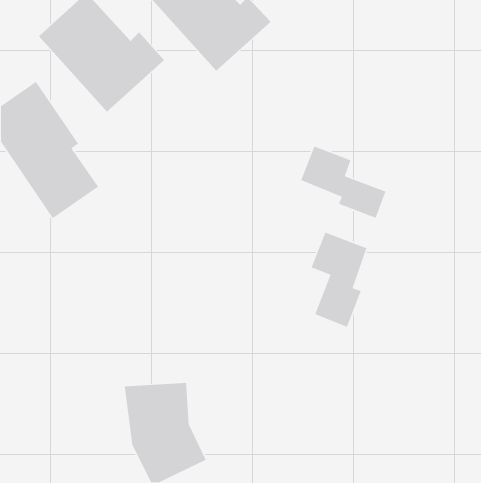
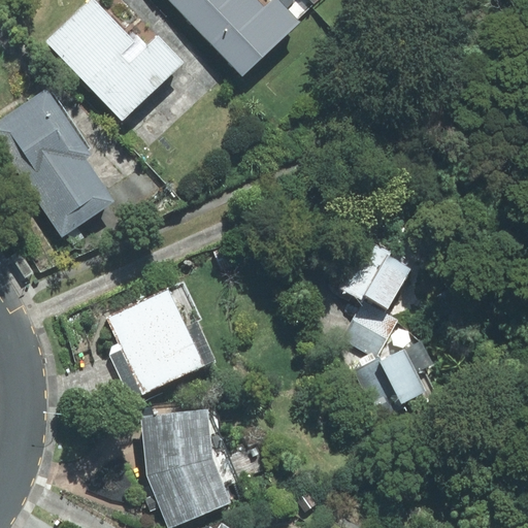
building: [300,146,386,219] -> none
building: none -> [107,282,214,393]
building: none -> [356,344,426,408]

